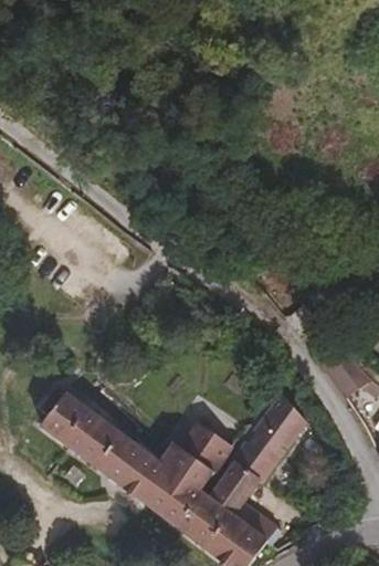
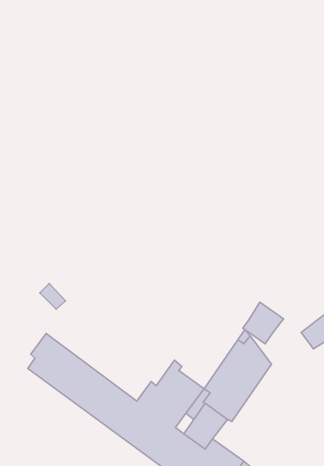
building: none -> [243,302,284,344]

